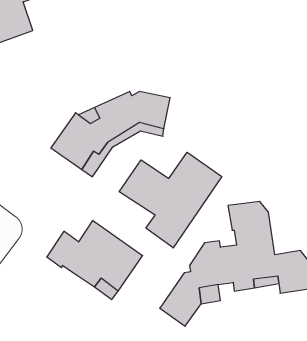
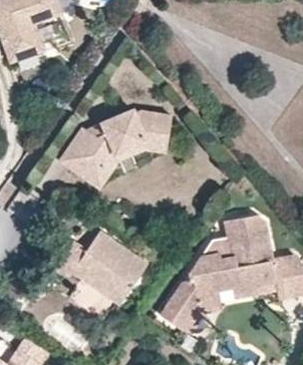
building: [119,152,222,248] -> none

